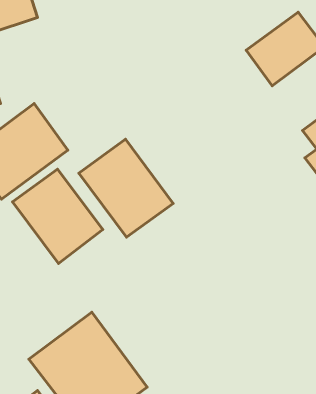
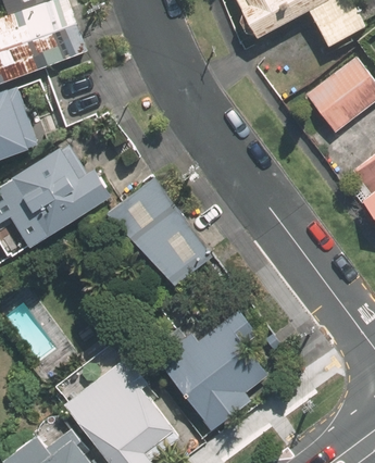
building: [13,169,103,263] -> none
building: none -> [163,314,271,422]

